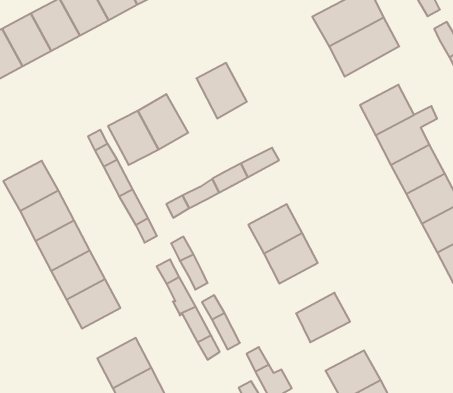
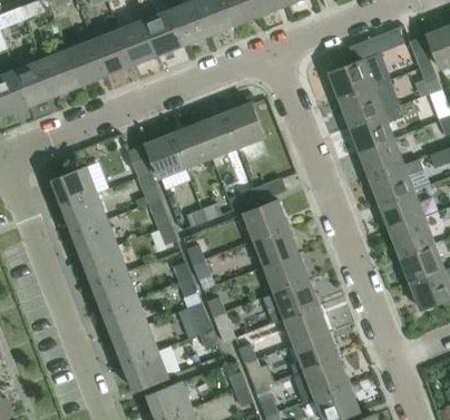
building: none -> [350,106,403,152]
building: none -> [198,113,238,157]
building: none -> [244,199,288,241]
building: none -> [271,280,320,323]
building: none -> [104,297,148,338]
building: none -> [294,332,339,371]

